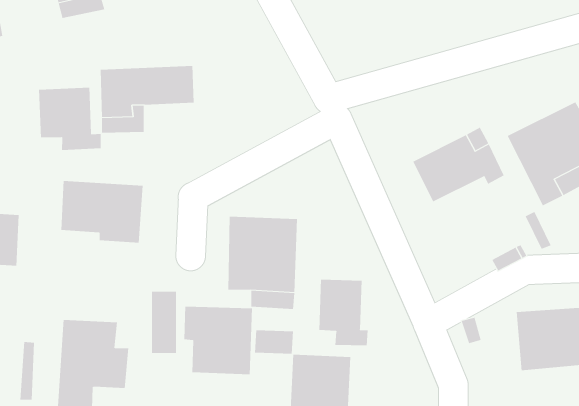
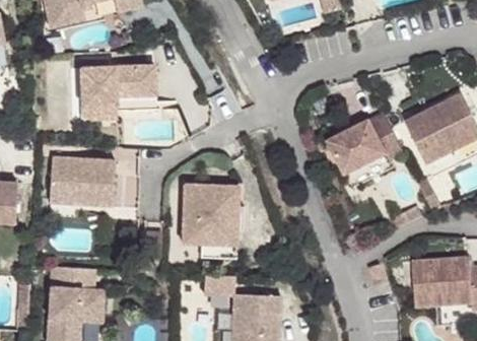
building: [39,87,101,151] -> none
building: [319,279,368,346] -> none
building: [151,291,177,354] -> [116,162,136,212]
building: [184,306,253,375] -> none

